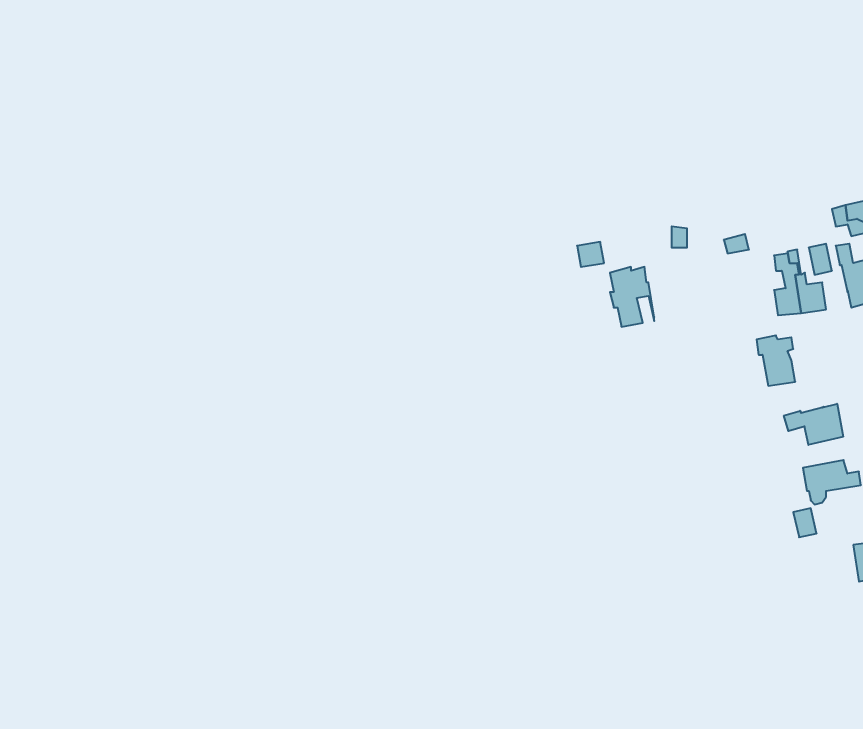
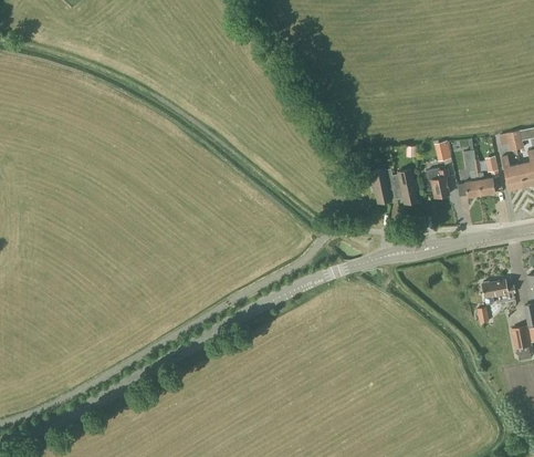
building: none -> [392,169,416,204]
building: [757,335,795,386] -> [427,168,449,197]
building: [784,404,843,445] -> none

